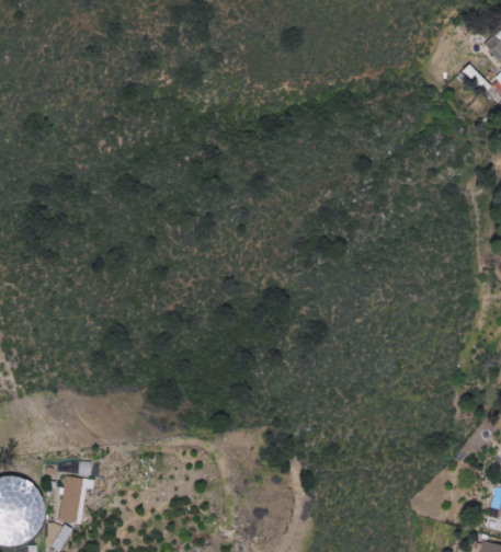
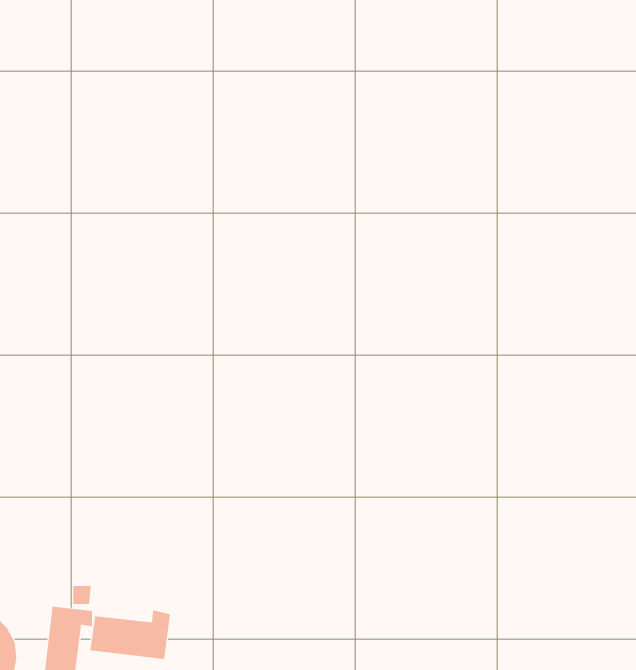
building: none -> [90,609,170,660]

